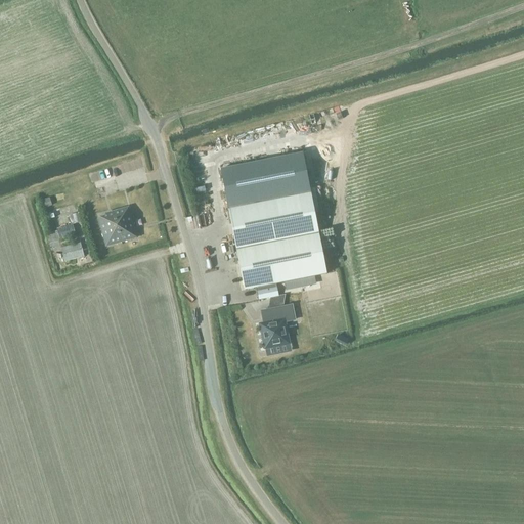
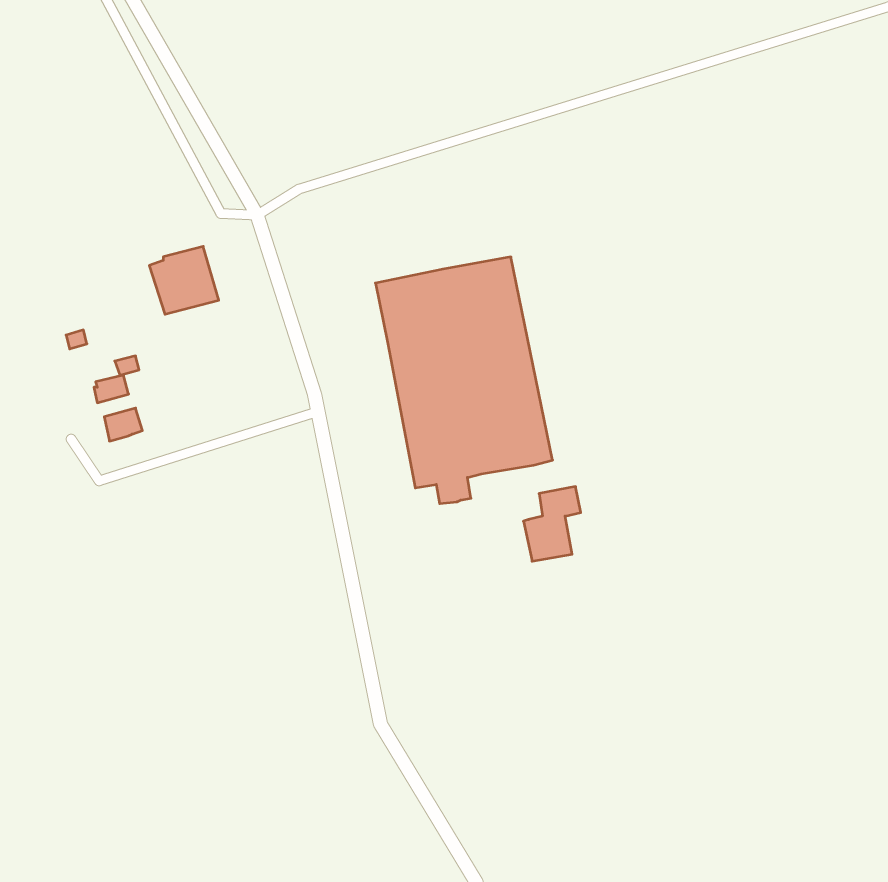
building: [97,204,138,244] -> [149,246,219,314]
building: [260,302,294,346] -> [523,487,581,561]

